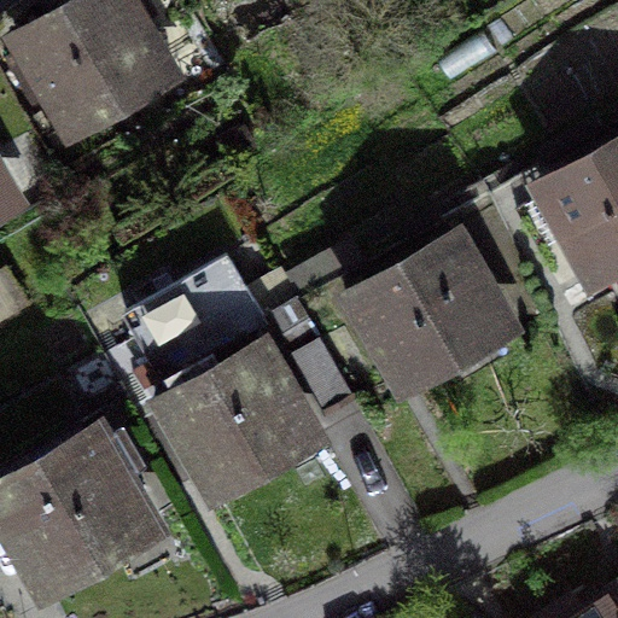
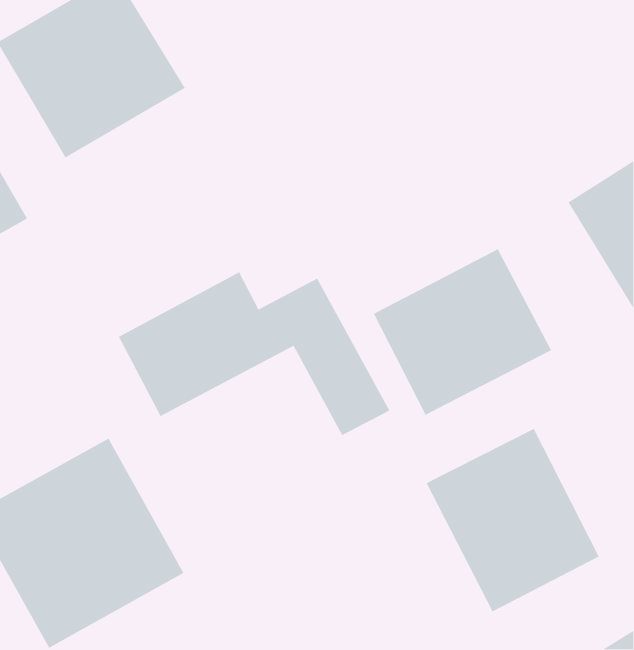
building: [156,339,330,508] -> none
building: none -> [425,428,600,613]

